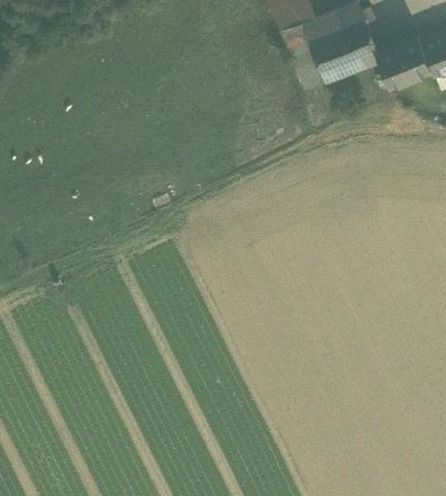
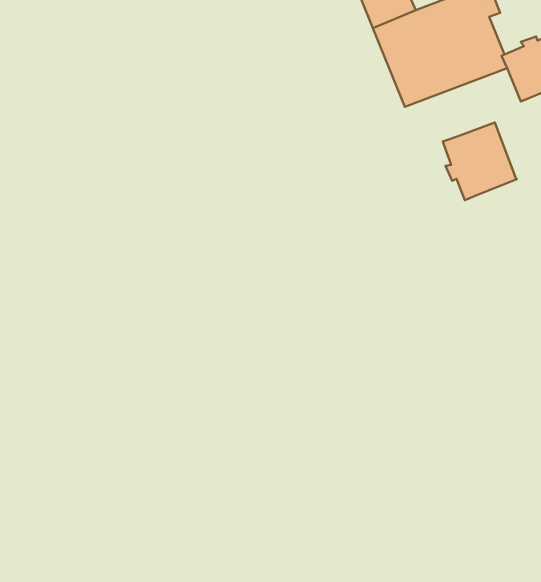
building: none -> [443,123,517,200]

